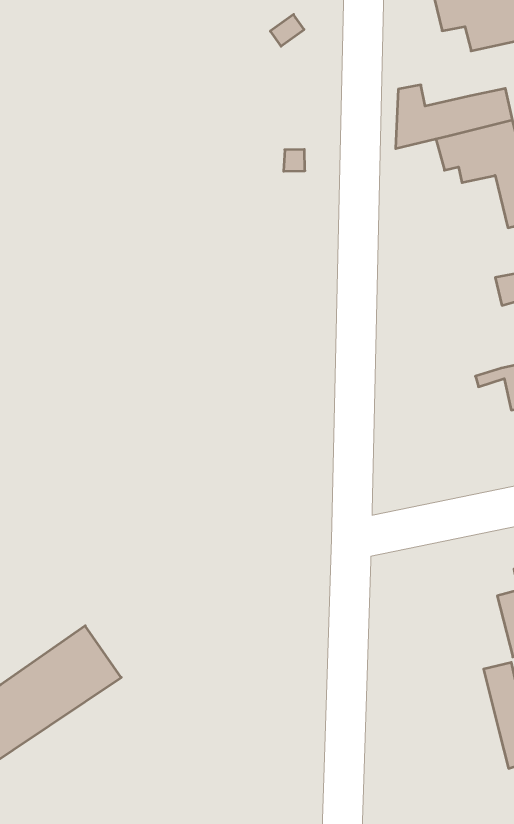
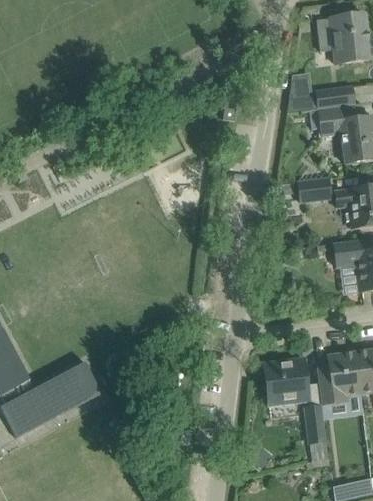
building: none -> [297,177,332,201]
building: none -> [264,358,309,405]

